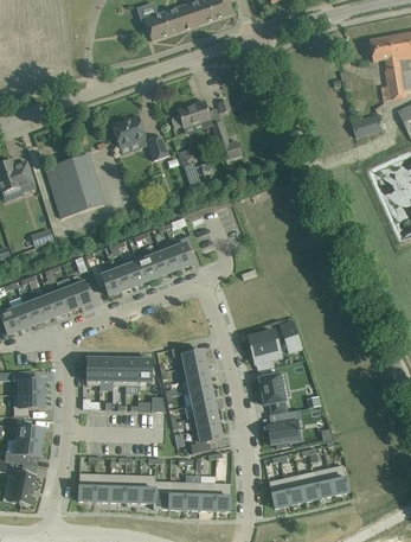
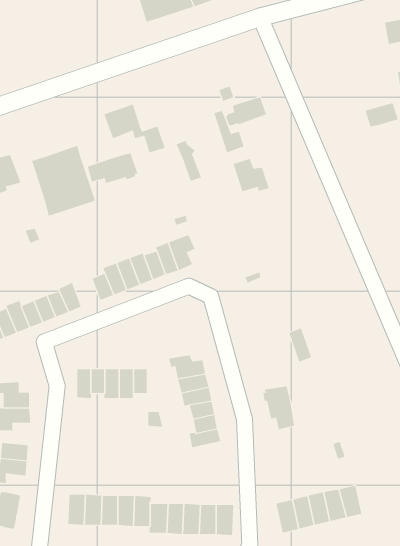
building: [172,101,210,128] -> [226,96,267,126]
building: none -> [87,153,138,184]
building: none -> [233,158,269,192]
building: [249,330,277,364] -> none
building: [268,409,301,448] -> none
building: [191,425,221,453] -> none

